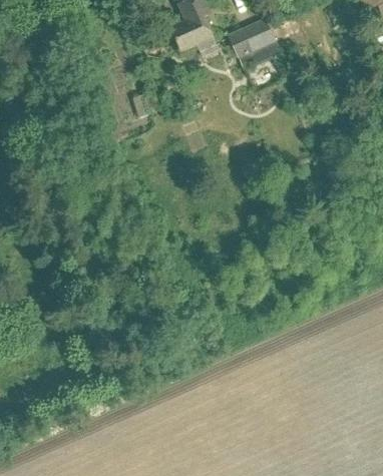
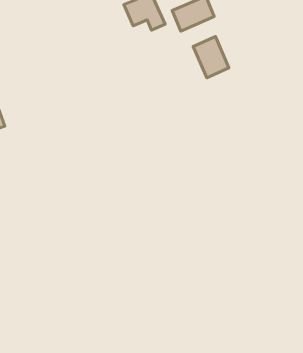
building: none -> [193,37,229,78]

